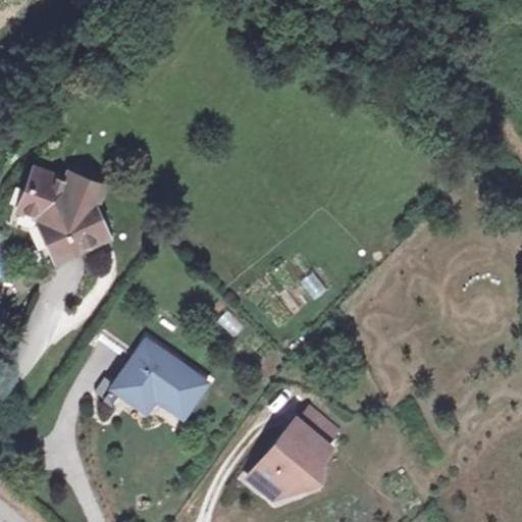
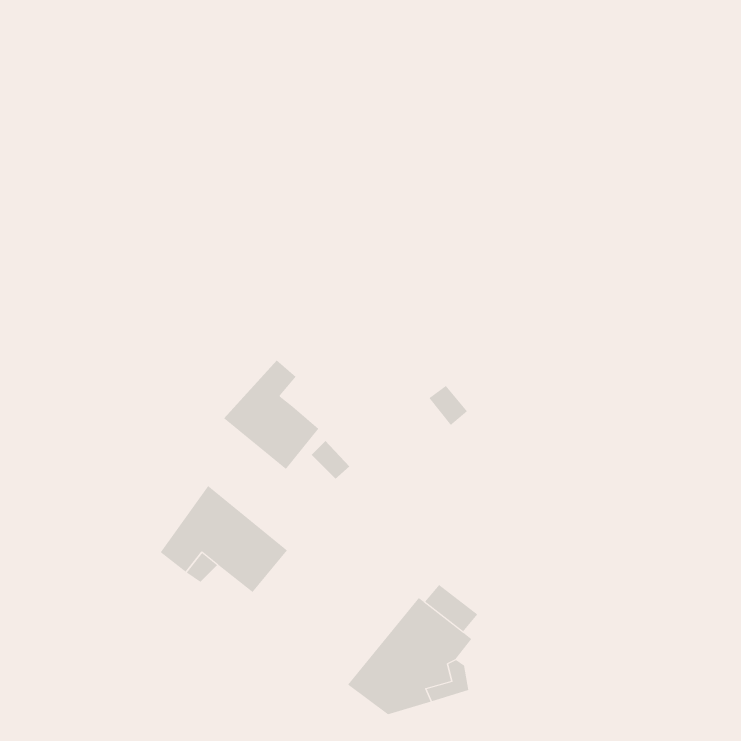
building: [17,164,105,251] -> none
building: none -> [223,360,319,470]

